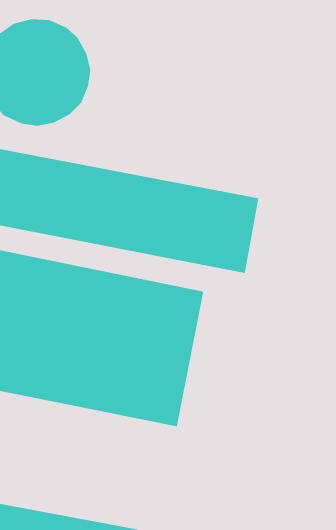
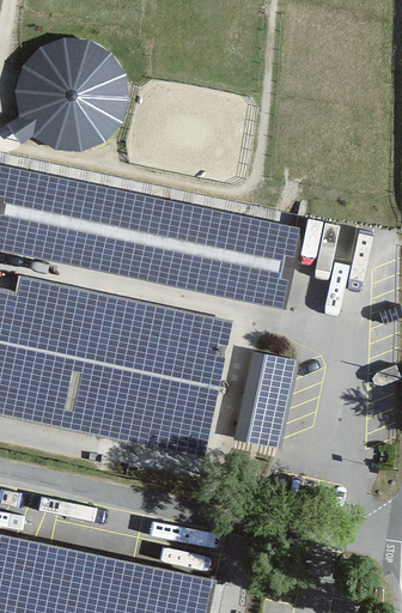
building: none -> [238,350,302,445]

